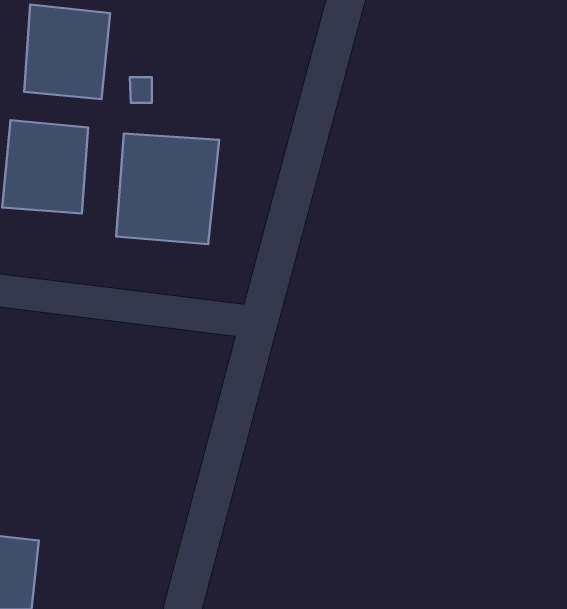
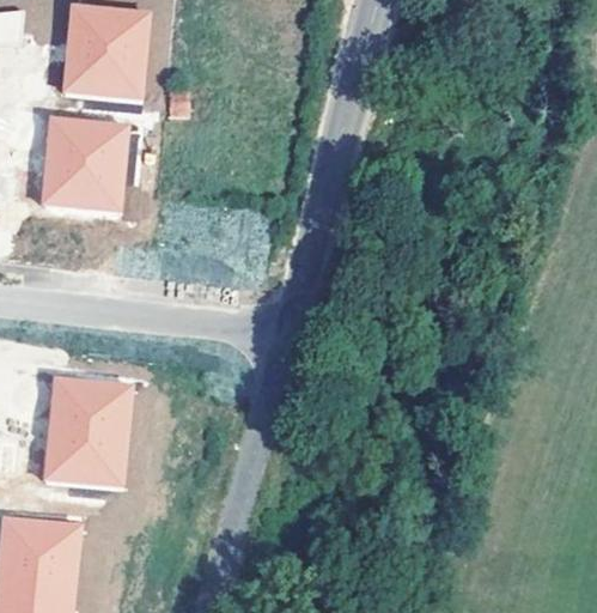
building: [116,133,219,244] -> none
building: none -> [47,377,133,485]

